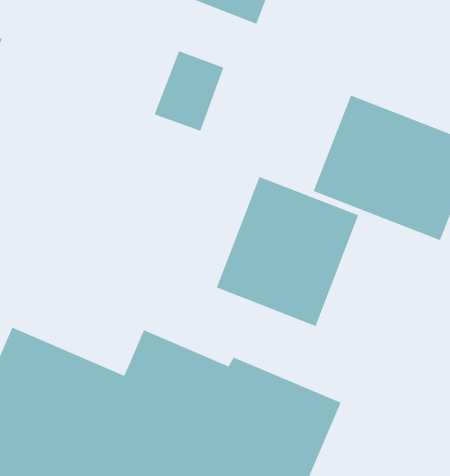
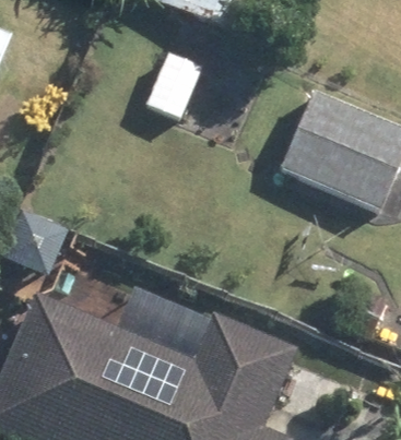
building: [216,176,359,327] -> none

